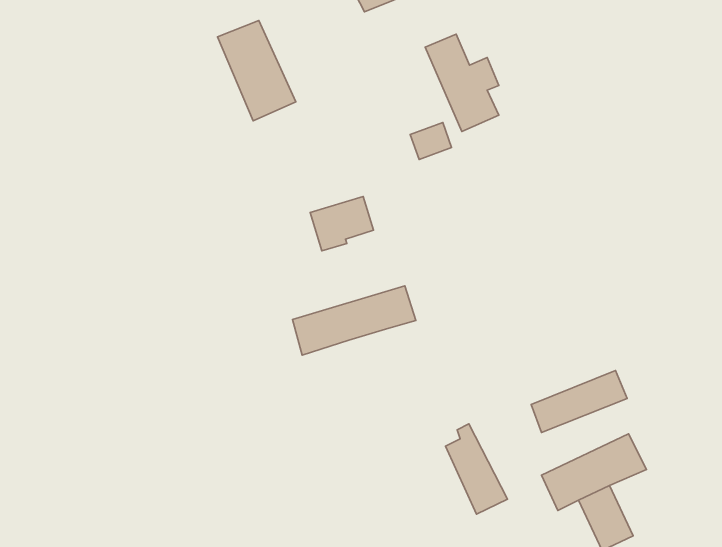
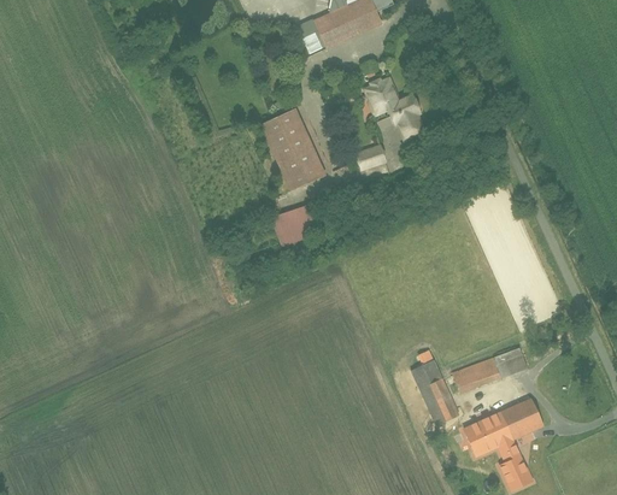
building: [218,21,296,121] -> [263,107,327,189]
building: [293,286,416,355] -> none
building: [445,424,507,514] -> [409,353,459,426]

